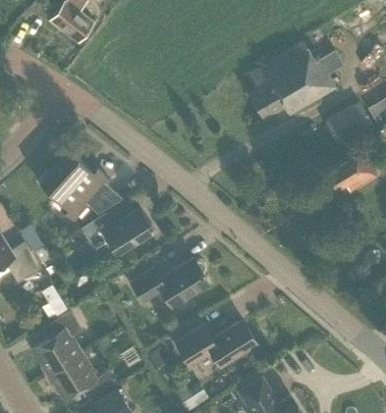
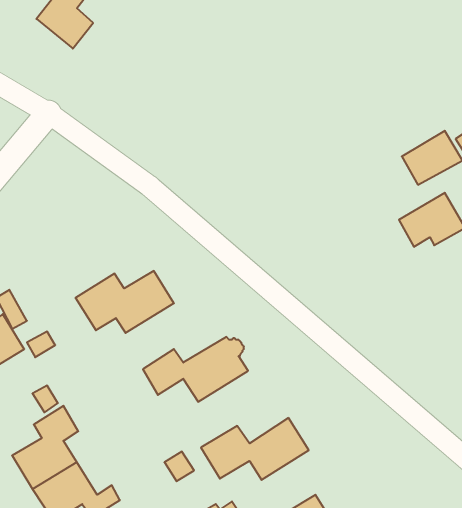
building: [247,43,344,120] -> none
building: [38,153,121,221] -> none

